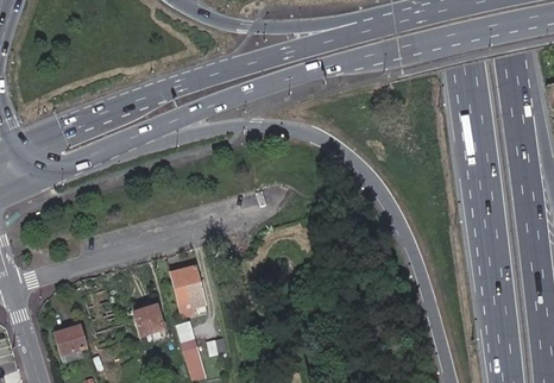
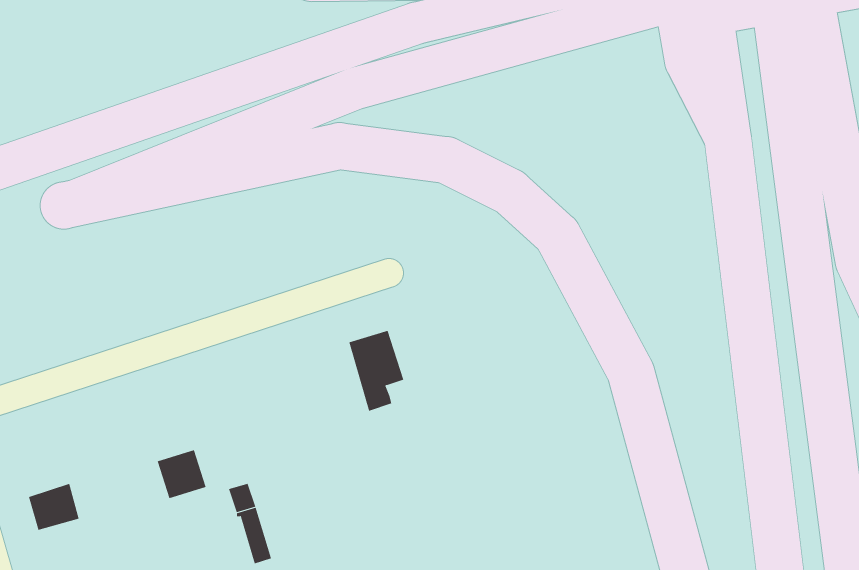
building: [172,265,206,314] -> [349,330,404,412]

